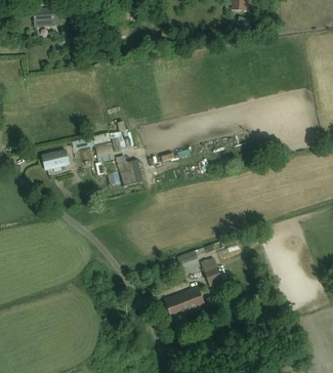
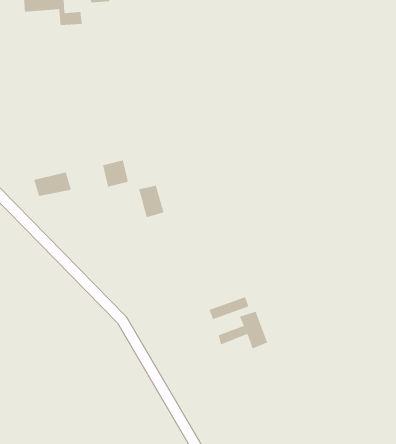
building: [164,286,204,315] -> none

